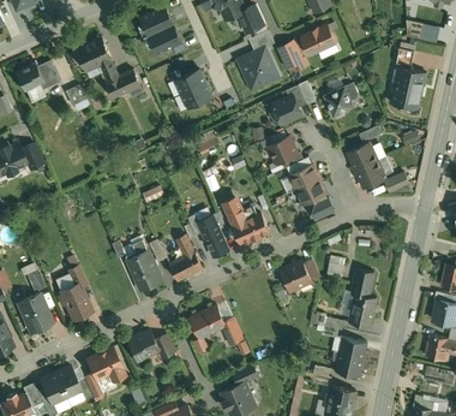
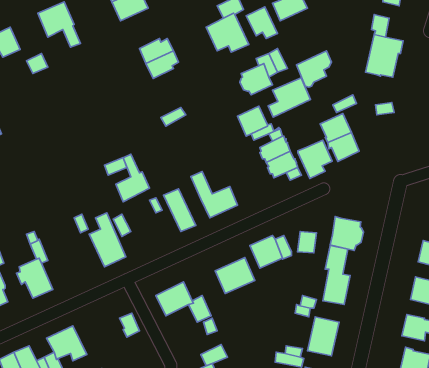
building: [106,69,139,96] -> none
building: none -> [268,78,311,117]
building: none -> [298,140,332,179]
building: [169,234,202,280] -> [116,154,150,202]
building: none -> [330,217,364,251]
building: none -> [215,258,255,294]
building: [126,329,160,359] -> none

